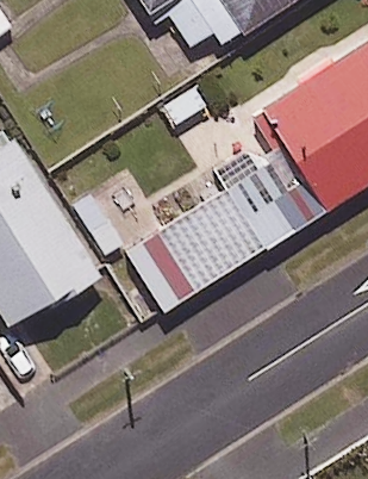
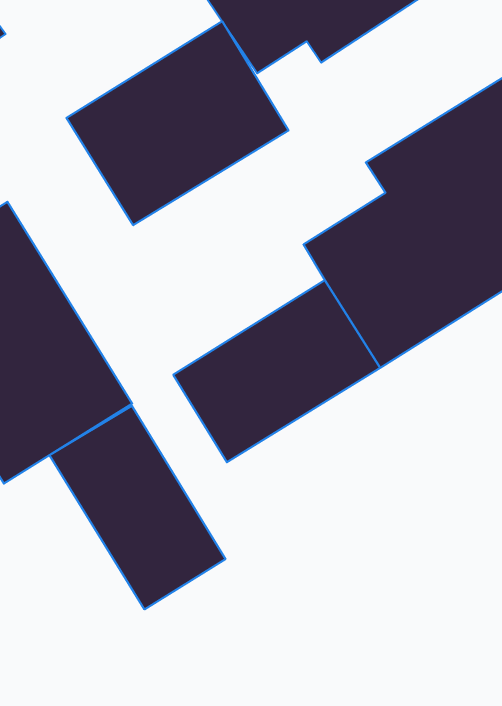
building: none -> [66,21,288,225]
building: none -> [49,406,225,609]

